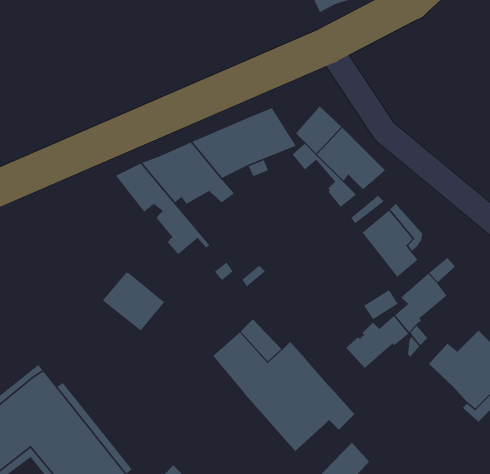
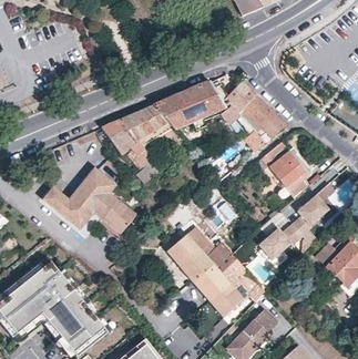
building: none -> [41,167,114,229]

